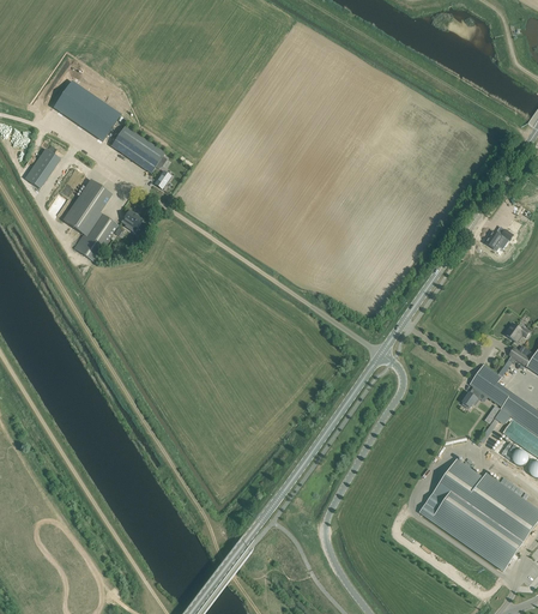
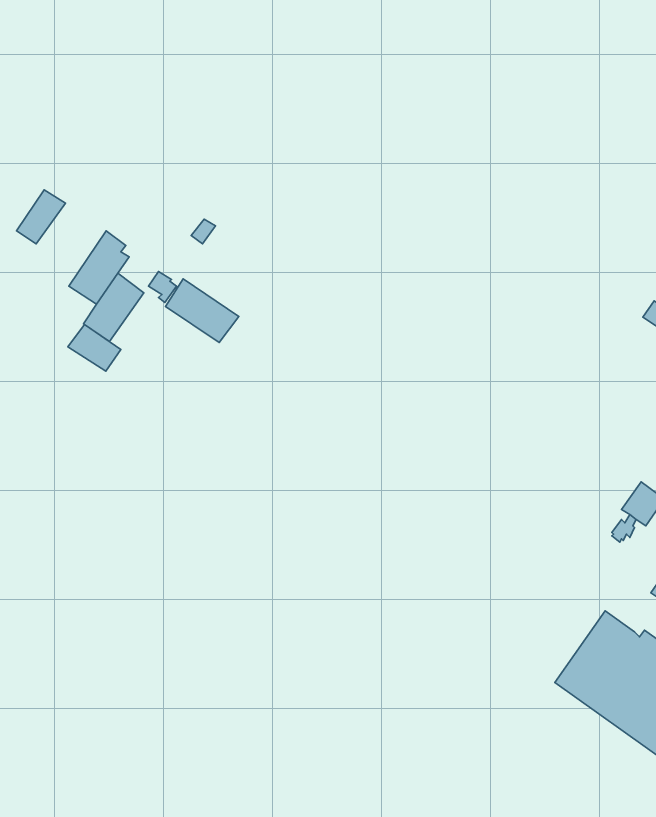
building: [53,79,121,140] -> none
building: [111,125,165,171] -> [165,279,239,343]
building: none -> [68,324,121,371]

